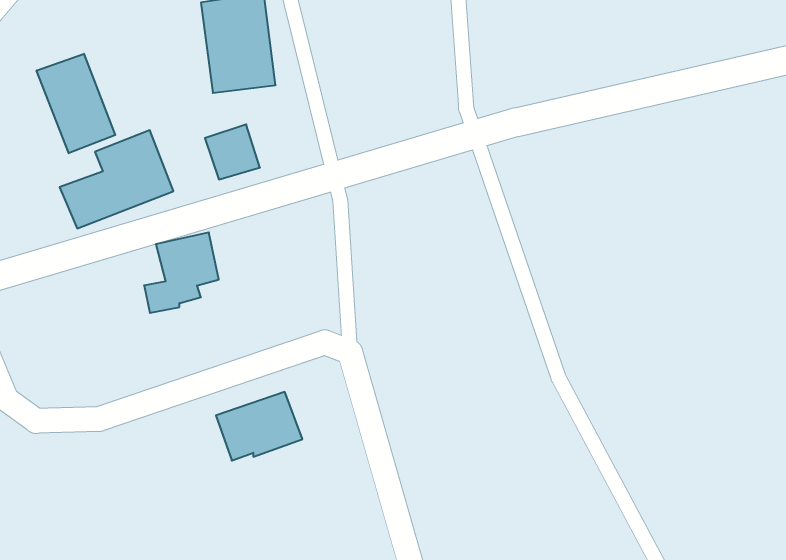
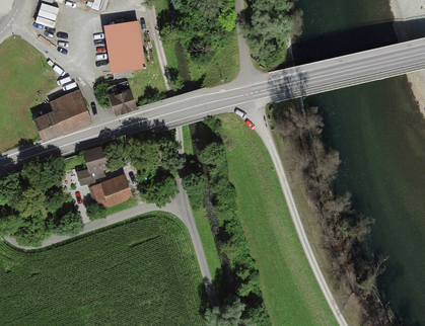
building: [37,54,115,153] -> none
building: [216,392,302,461] -> [88,174,133,210]

